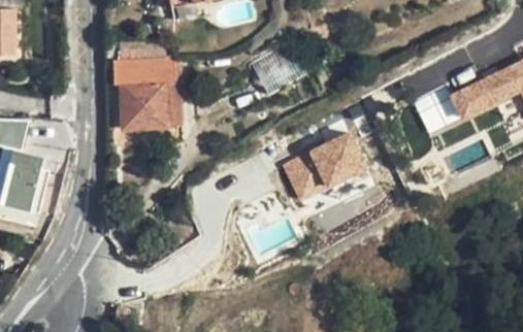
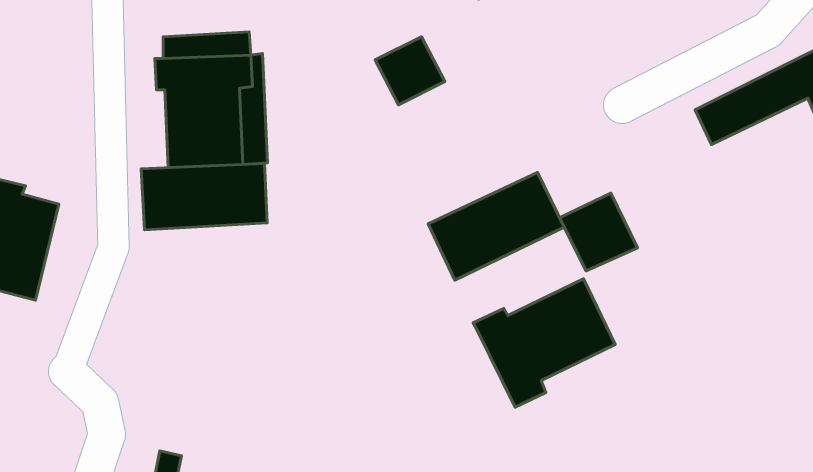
building: [410,87,458,135] -> [560,193,637,271]
building: none -> [141,163,267,230]
building: none -> [473,279,615,407]

